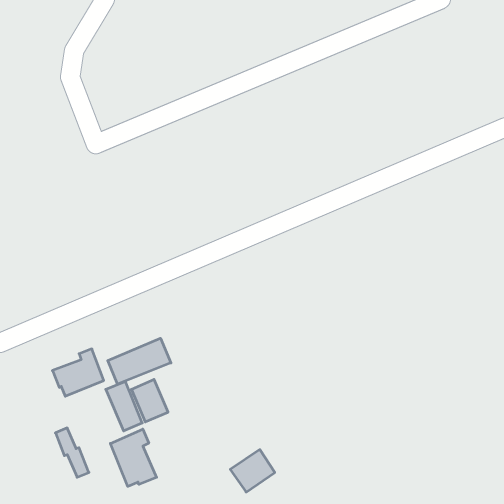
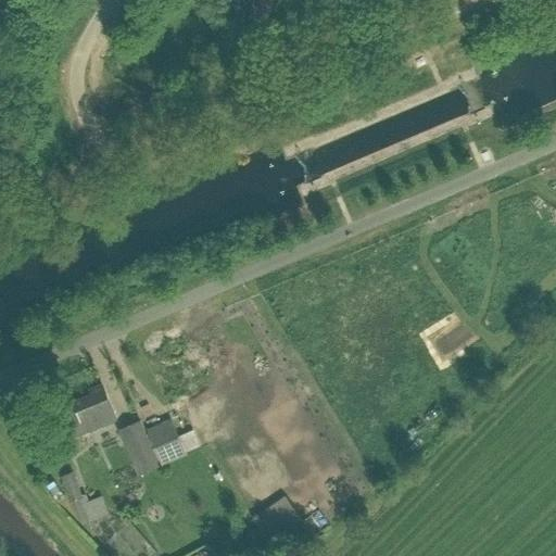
building: [108,338,171,384] -> none
building: [110,429,157,486] -> none

